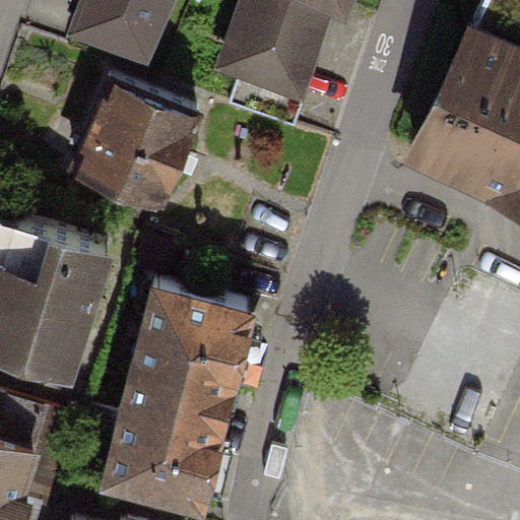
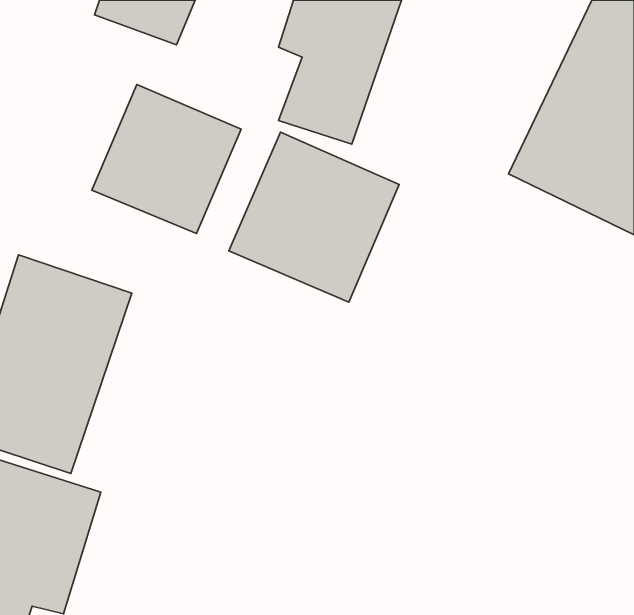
building: none -> [229,132,399,302]
building: [103,288,250,507] -> none

